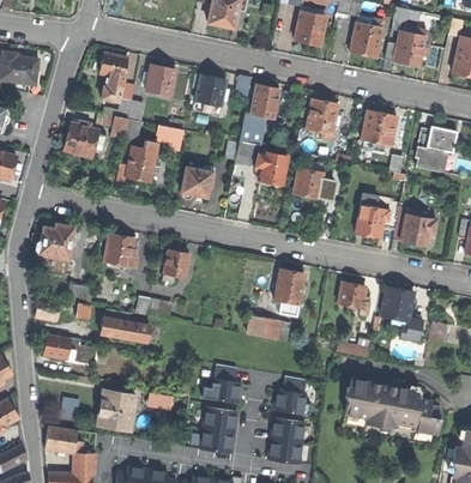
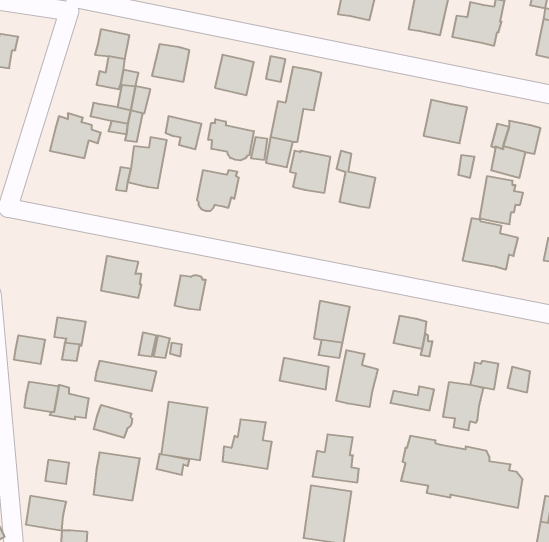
building: [306,97,338,138] -> none
building: none -> [208,119,254,160]
building: [356,197,391,235] -> [479,176,523,224]
building: [36,224,73,259] -> none
building: [381,288,413,326] -> [443,382,484,430]
building: none -> [336,350,378,407]
building: none -> [94,405,132,438]
building: [199,406,236,453] -> [161,402,208,460]

